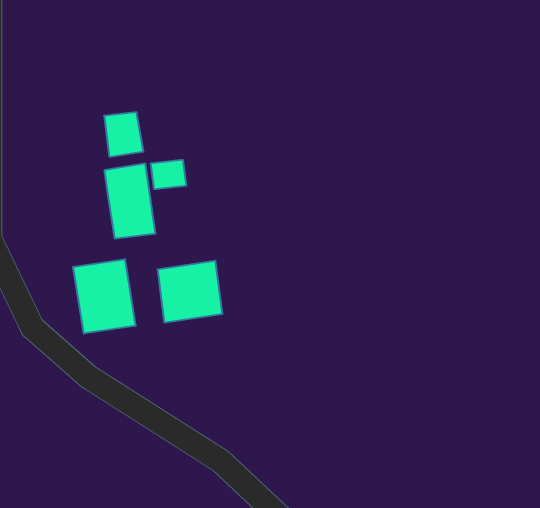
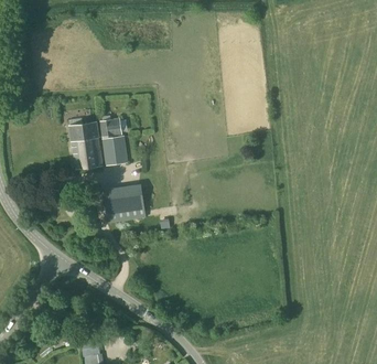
building: [104,112,143,157] -> [103,137,128,165]
building: [73,259,136,334] -> none

